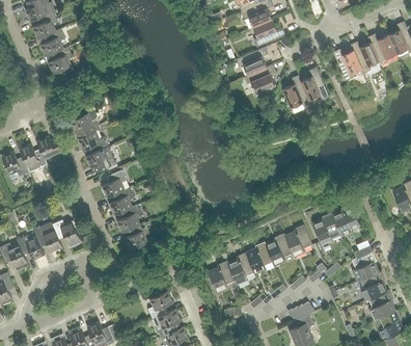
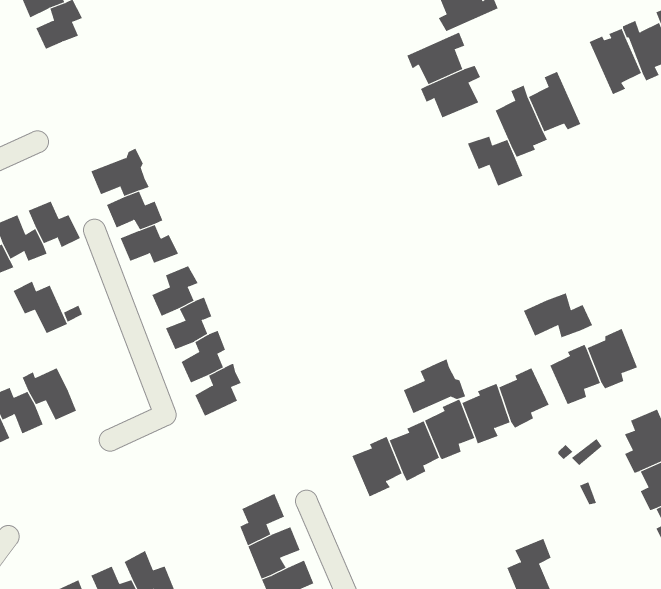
building: [48,47,73,74] -> none
building: none -> [467,136,523,186]
building: none -> [523,292,593,338]
building: [52,219,81,247] -> [13,281,68,334]
building: none -> [403,359,466,414]

